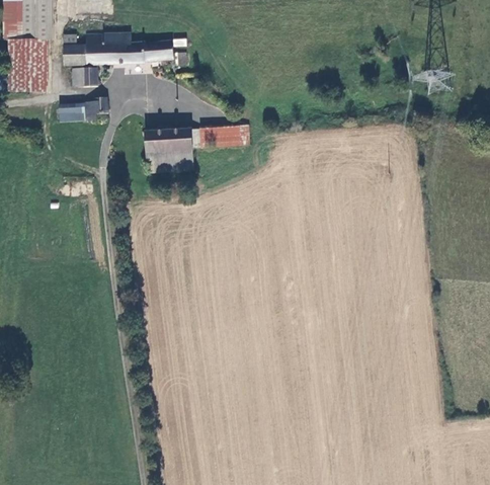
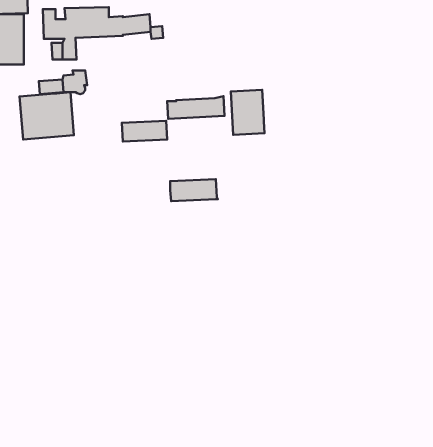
building: none -> [231,90,264,135]
building: none -> [19,92,74,139]
building: [143,129,191,151] -> [170,179,218,201]

